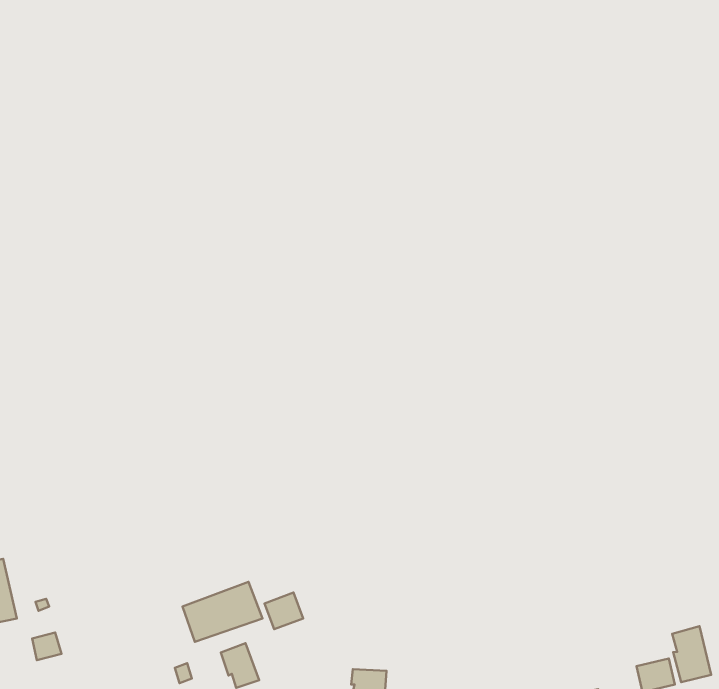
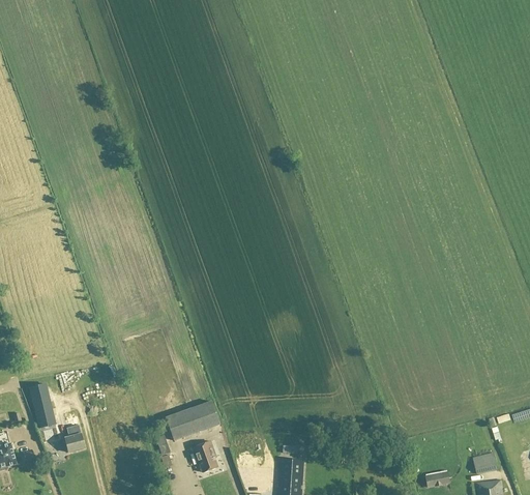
building: [265,593,303,629] -> none
building: [672,626,711,682] -> none

